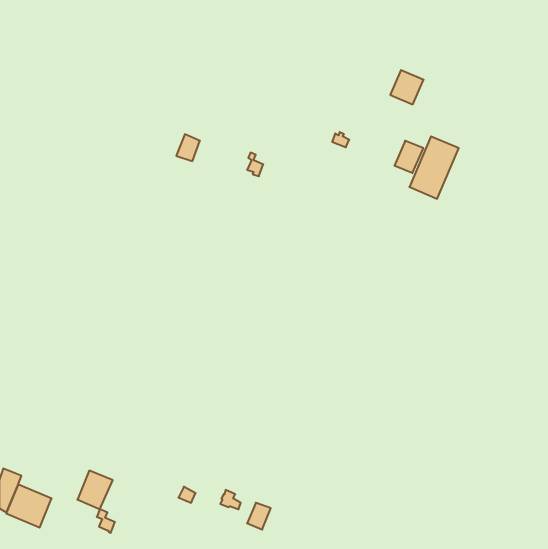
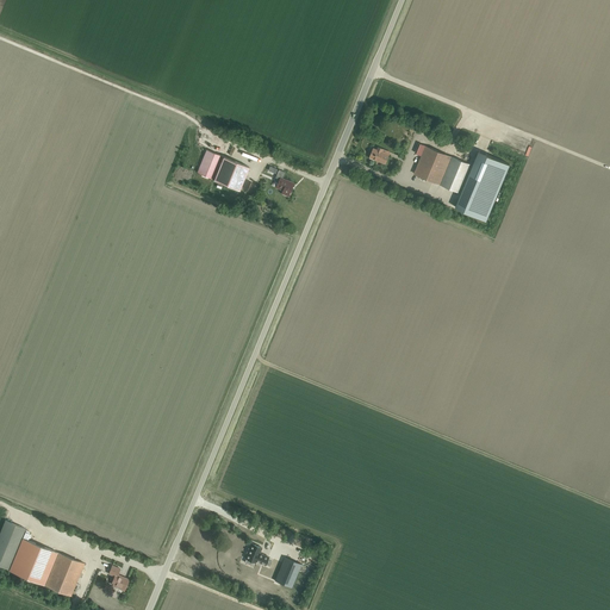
building: [390,70,424,104] -> [412,145,449,183]
building: none -> [213,156,248,189]
building: [77,471,113,509] -> [44,553,83,596]

